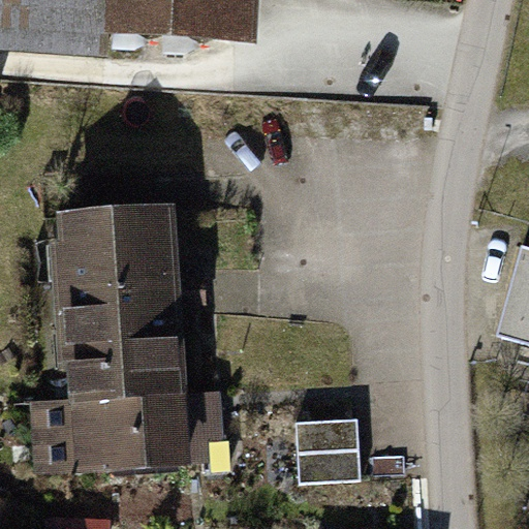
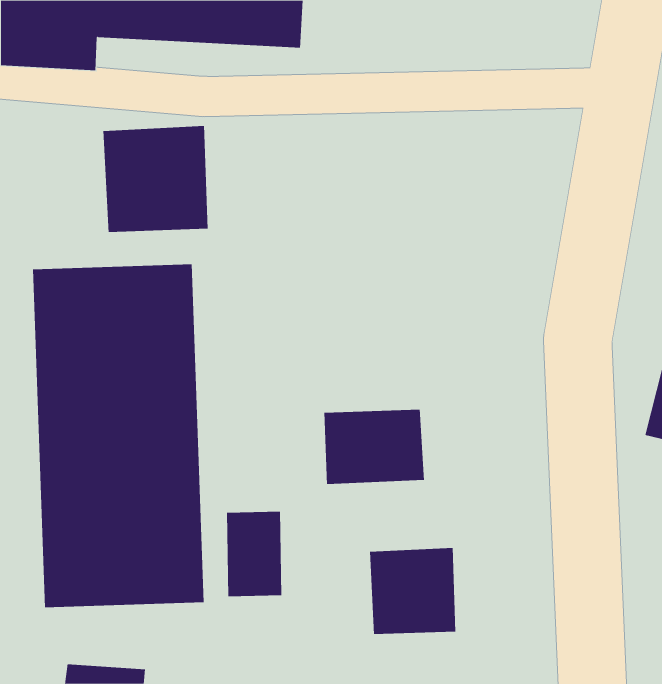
building: none -> [103,125,208,233]
building: none -> [324,409,424,485]

